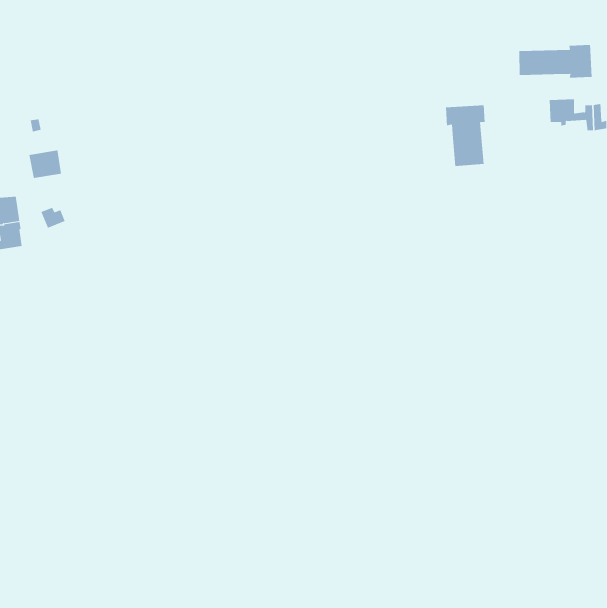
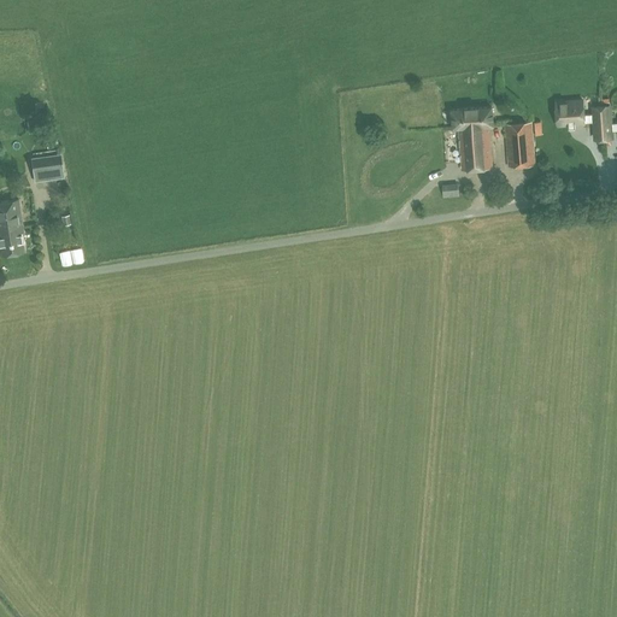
building: [519,44,592,78] -> none
building: none -> [504,121,534,166]

